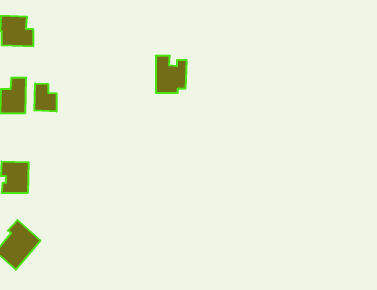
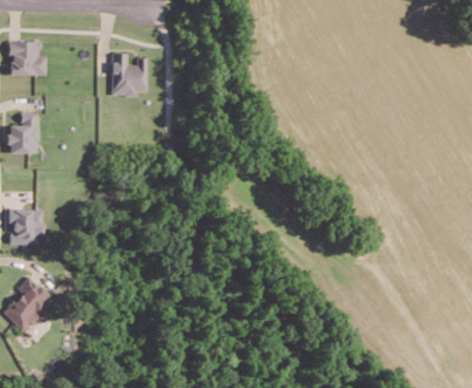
building: [156,56,187,93] -> [111,53,146,96]
building: [35,83,57,112] -> none

